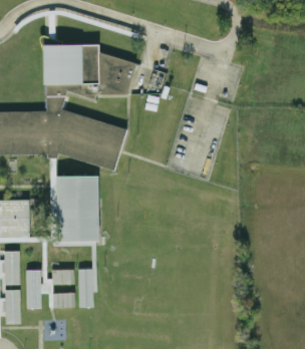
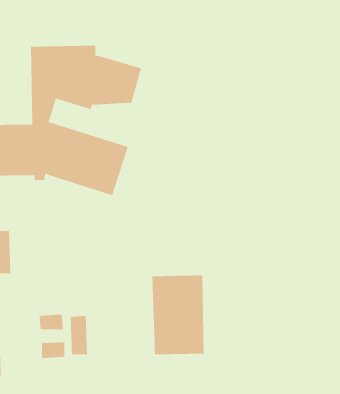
building: [56,174,100,242] -> [152,275,204,355]
building: [25,271,40,305] -> none

